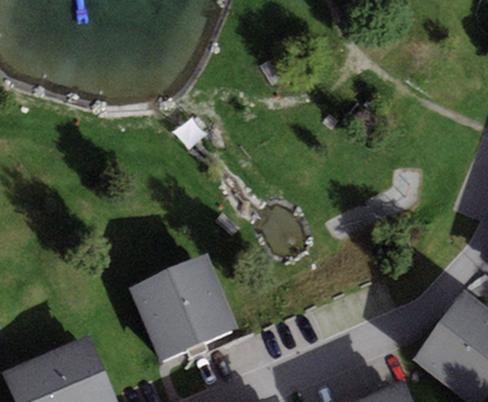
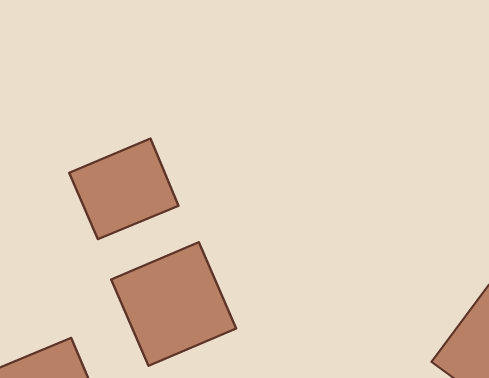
building: none -> [69,138,179,239]

